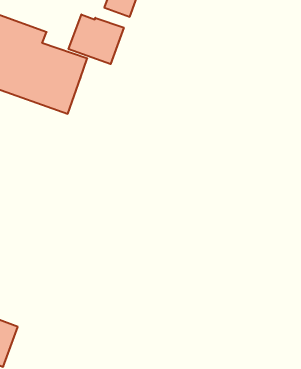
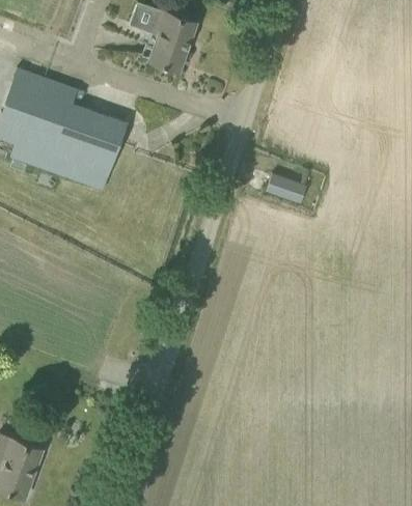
building: [69,14,124,64] -> none
building: none -> [267,173,306,203]

